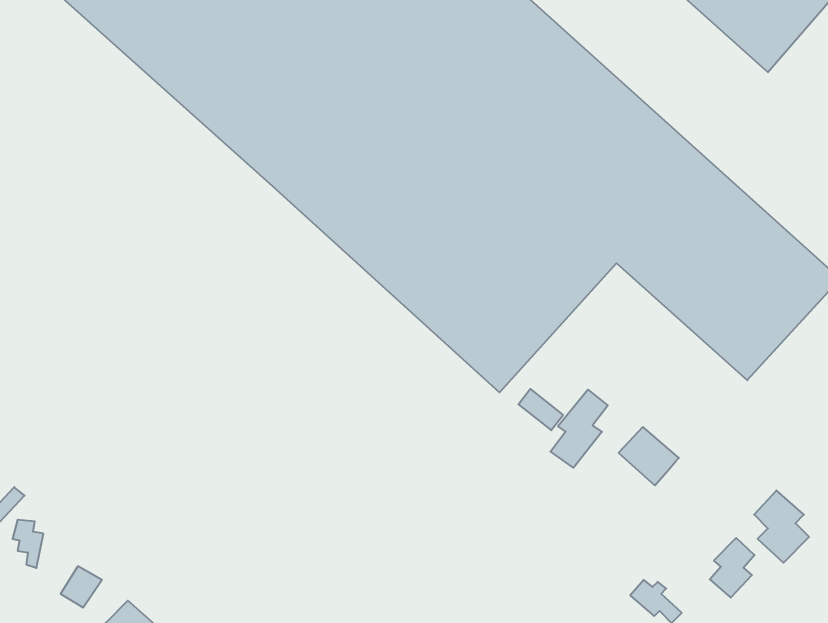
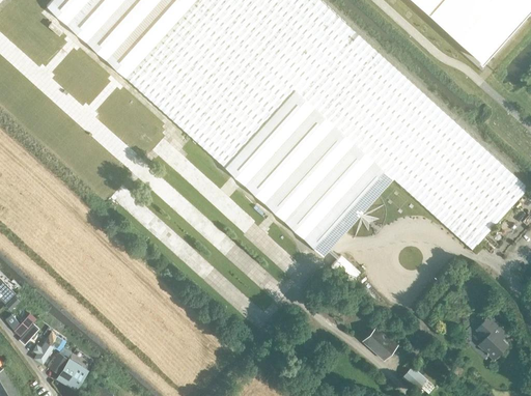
building: [550,390,608,468] -> none
building: [619,427,679,485] -> [361,326,397,361]
building: [710,538,755,598] -> none

